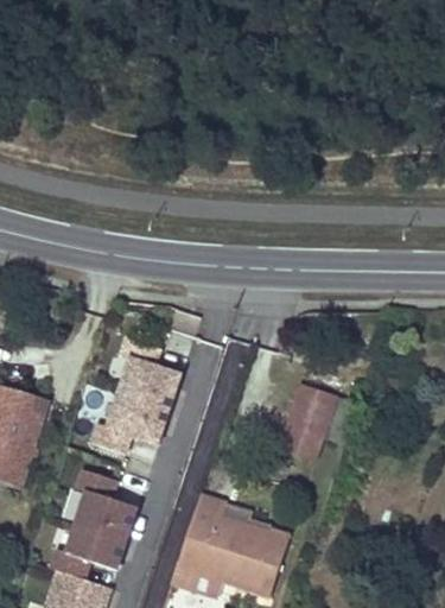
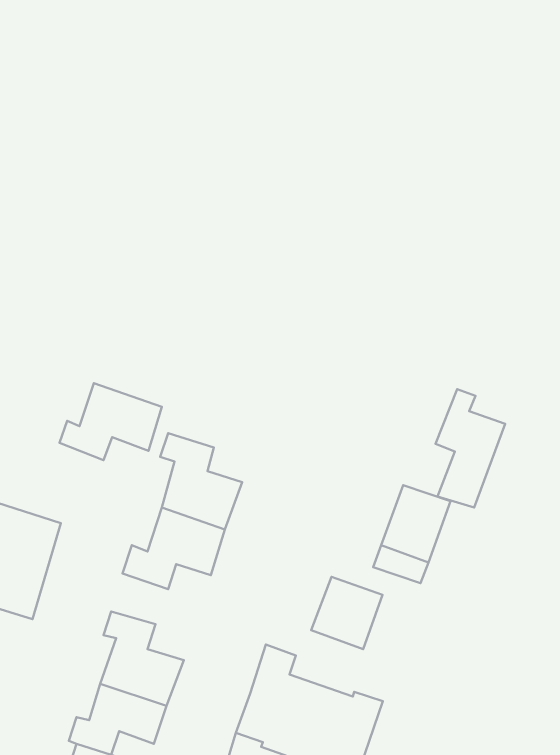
building: none -> [59,383,162,460]
building: none -> [436,389,505,507]
building: none -> [311,577,382,649]

